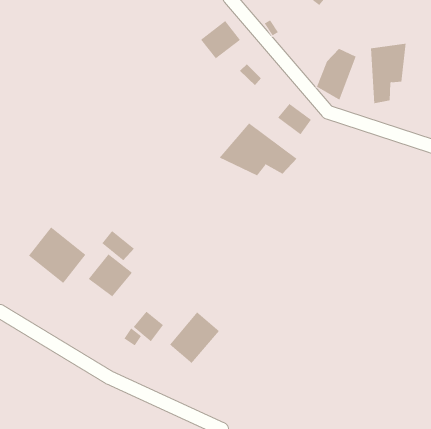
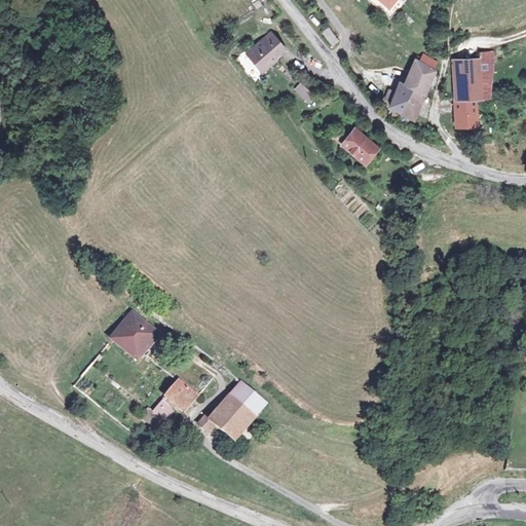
building: [219,122,297,176] -> none
building: [28,227,86,284] -> none
building: [102,230,135,261] -> none

